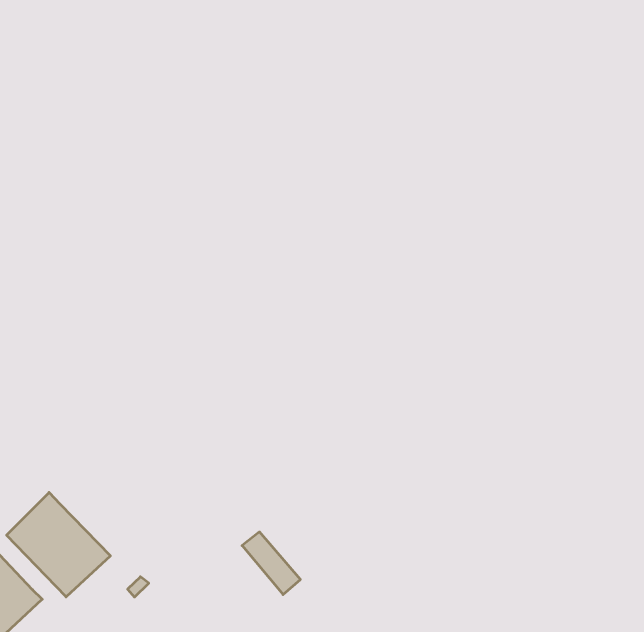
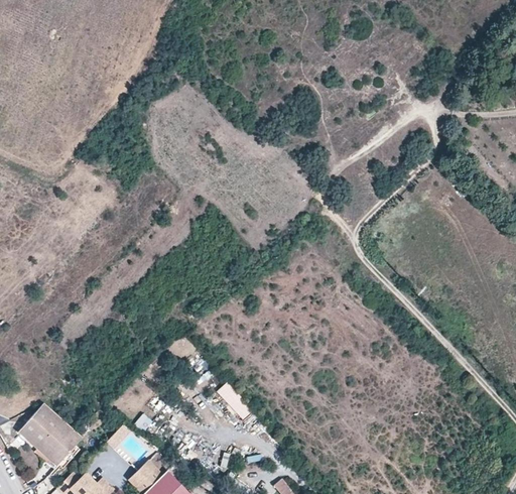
building: [7,492,110,597] -> none

